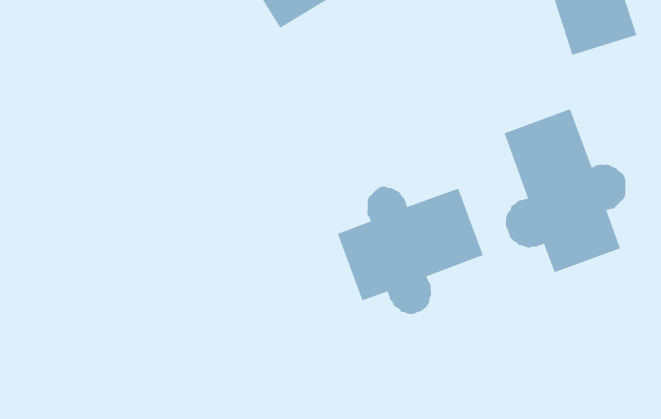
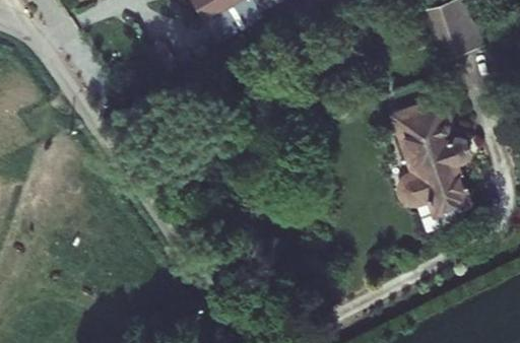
building: [337,186,483,315] -> none

